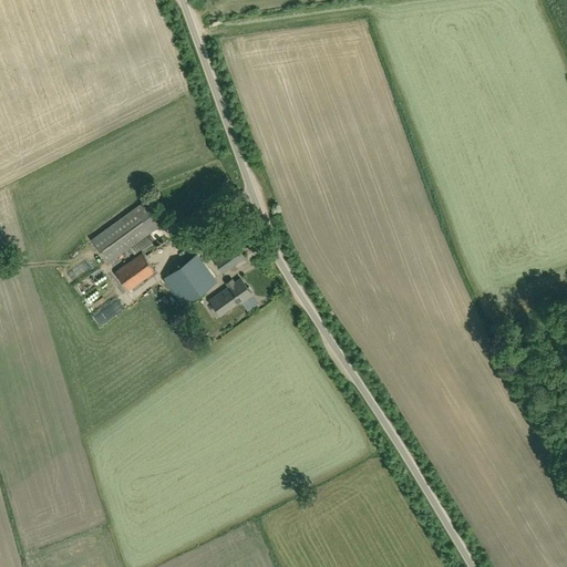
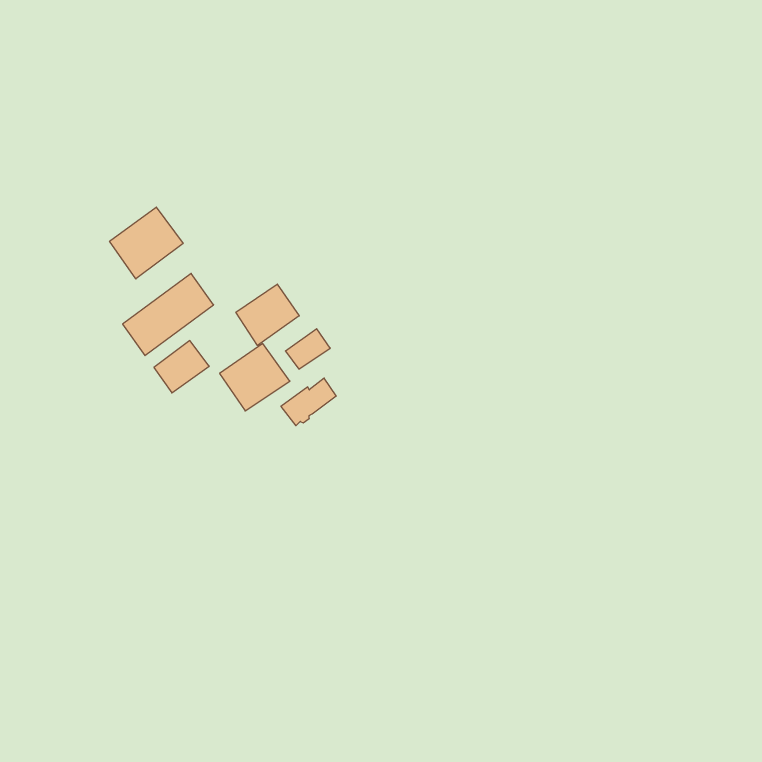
building: none -> [110,207,183,279]
building: none -> [236,284,299,345]

